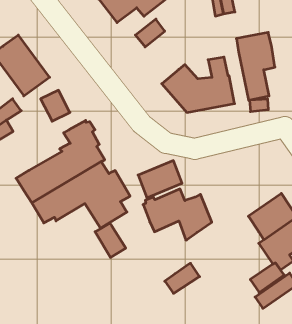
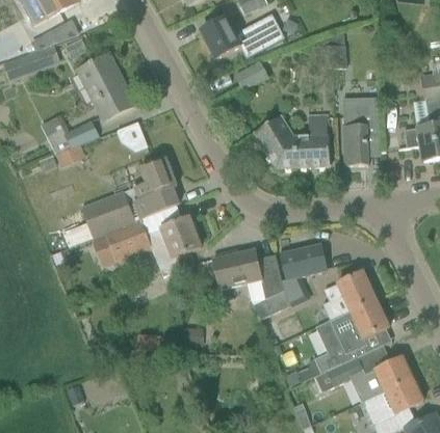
building: [138,161,182,198] -> [280,244,326,279]
building: [95,223,126,257] -> none
building: [165,263,200,293] -> [253,290,291,319]

